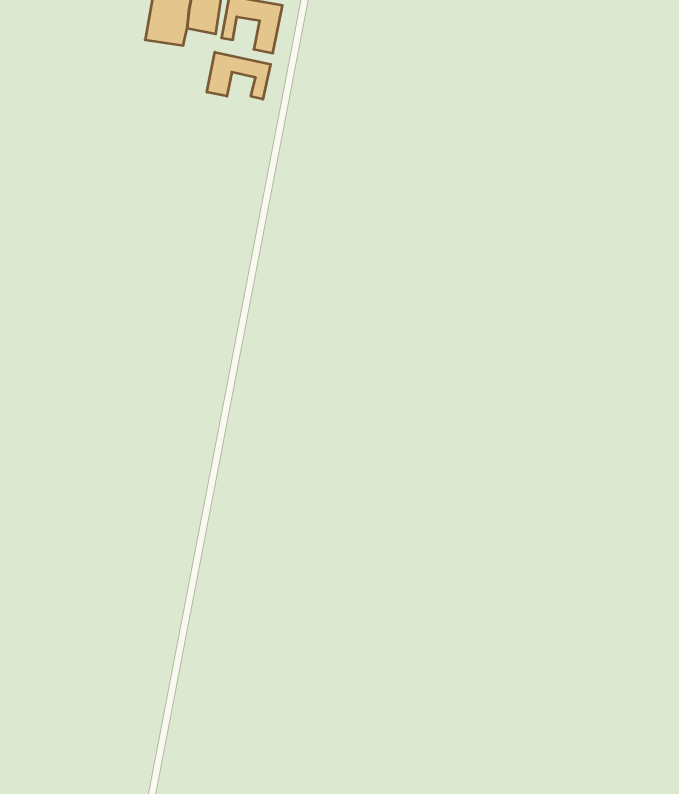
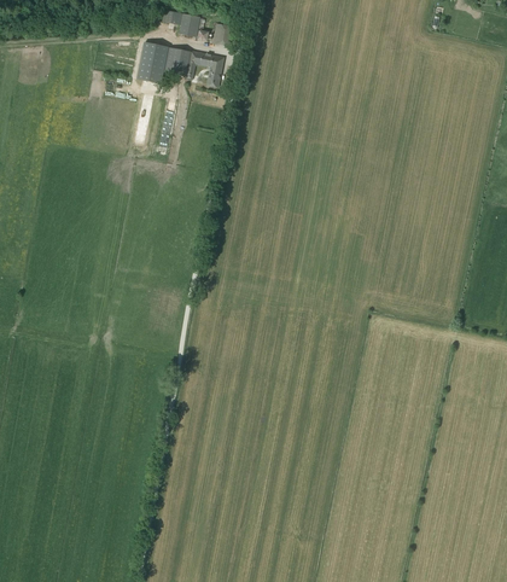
building: [207,52,271,99] -> none

